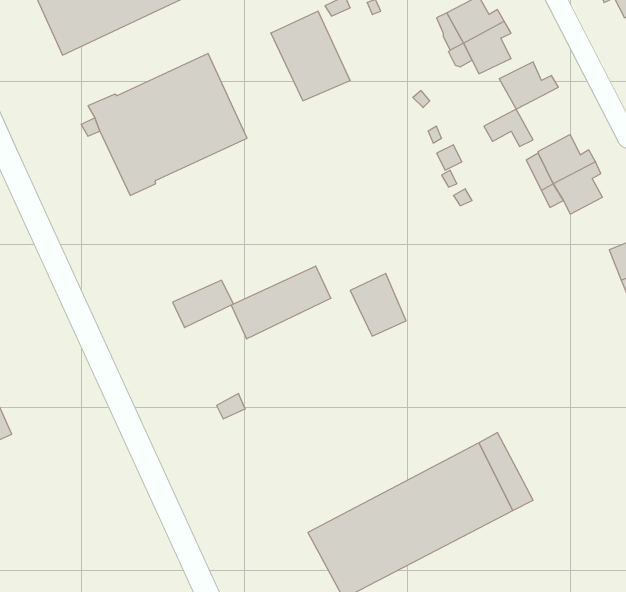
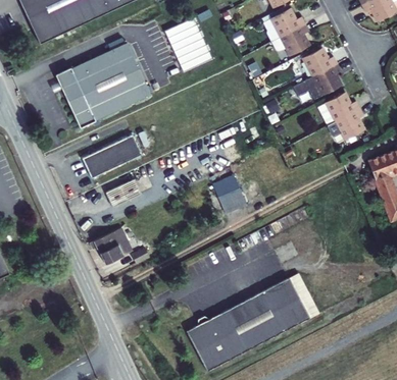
building: none -> [312,63,342,95]
building: [231,266,331,339] -> [82,134,142,178]
building: none -> [91,227,132,264]

